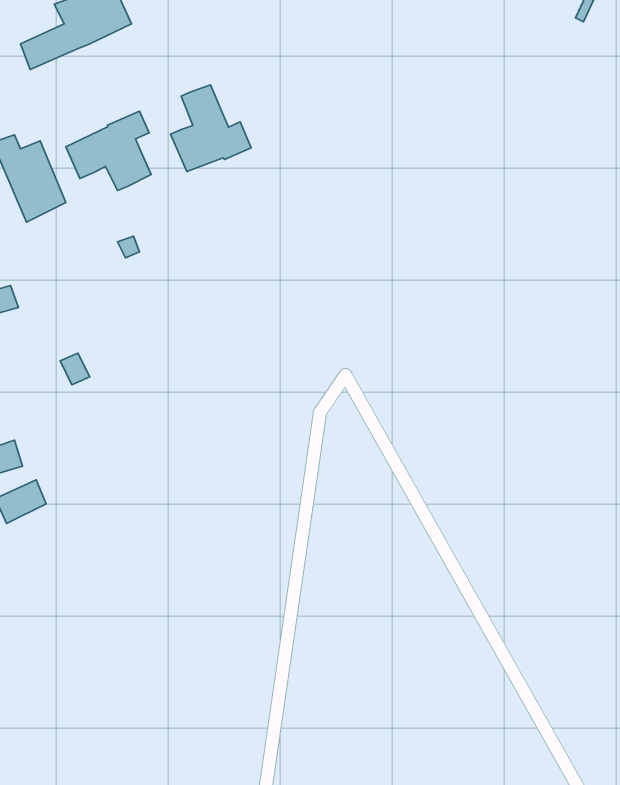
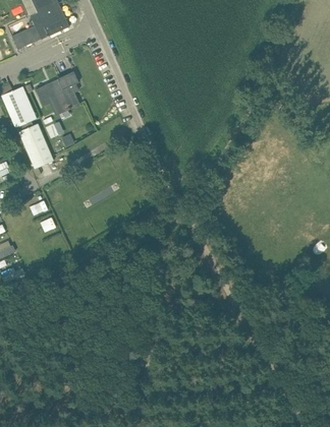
building: [171,85,251,172] -> none
building: none -> [17,123,53,169]

